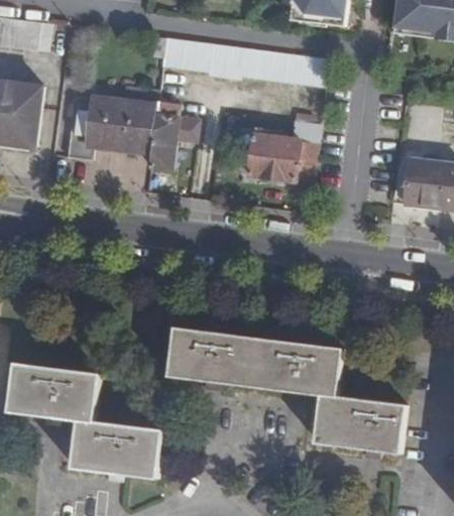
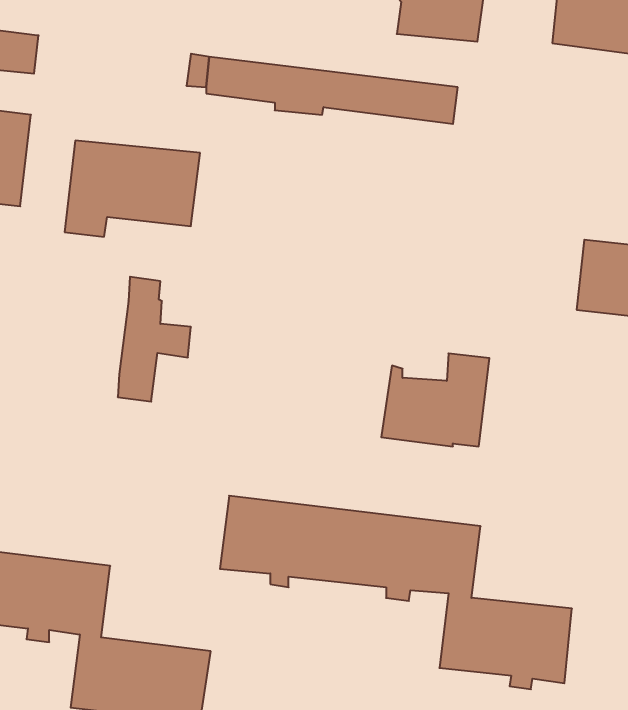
building: [149,86,198,168] -> [118,277,191,402]
building: [248,119,320,180] -> [381,353,489,446]

